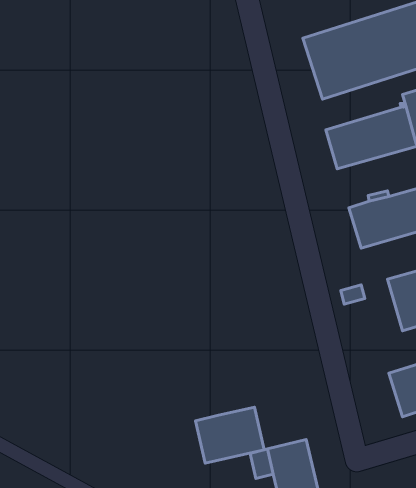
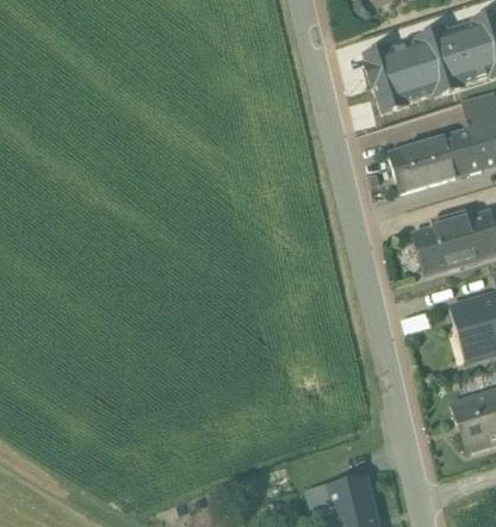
building: [196,407,264,463] -> none

